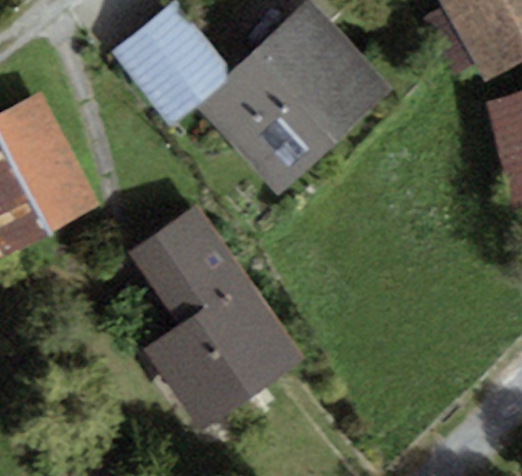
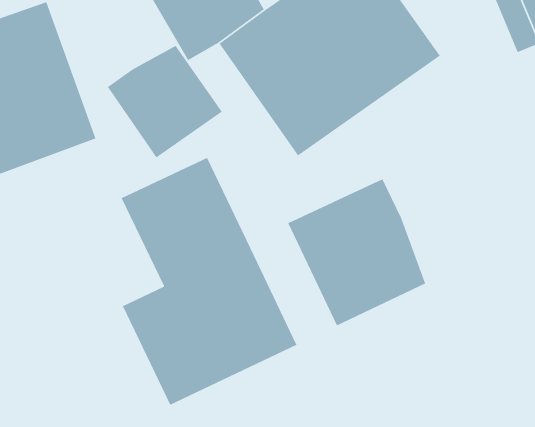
building: none -> [107,45,223,159]
building: none -> [287,178,426,327]

